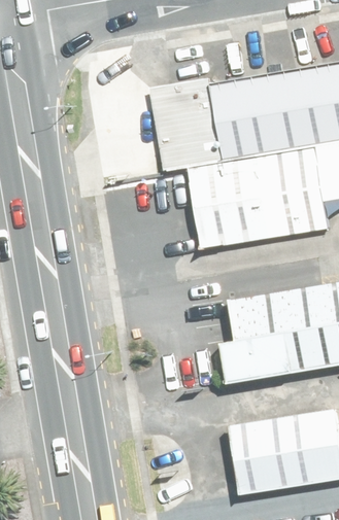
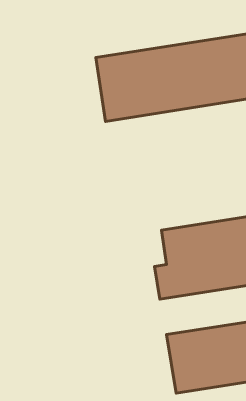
building: [190,154,324,249] -> none

